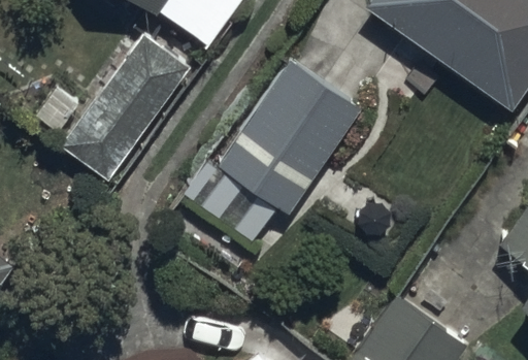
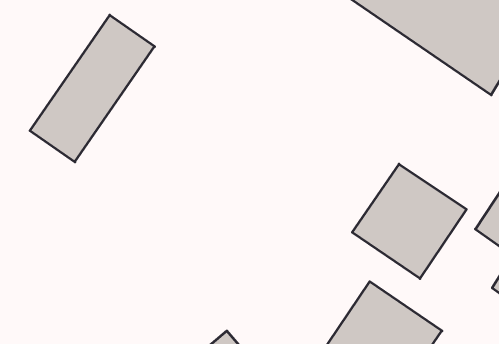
building: [220,57,370,219] -> none
building: none -> [352,164,466,279]

